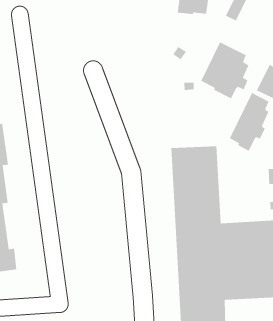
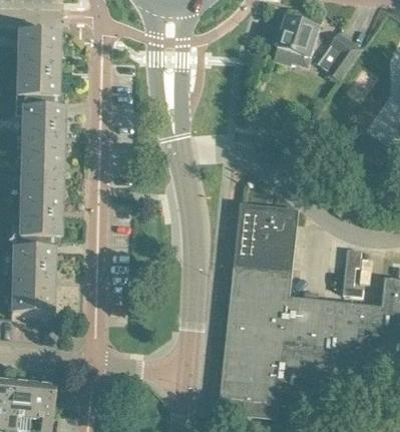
building: [200,41,249,99] -> none
building: [229,92,269,152] -> none

